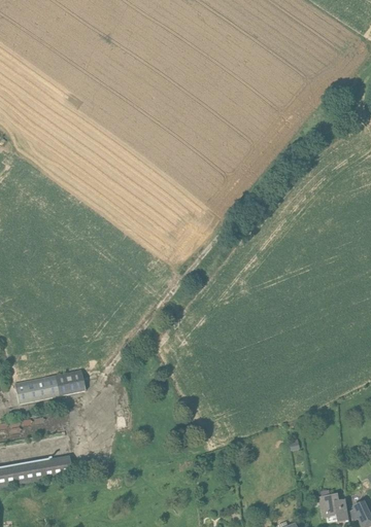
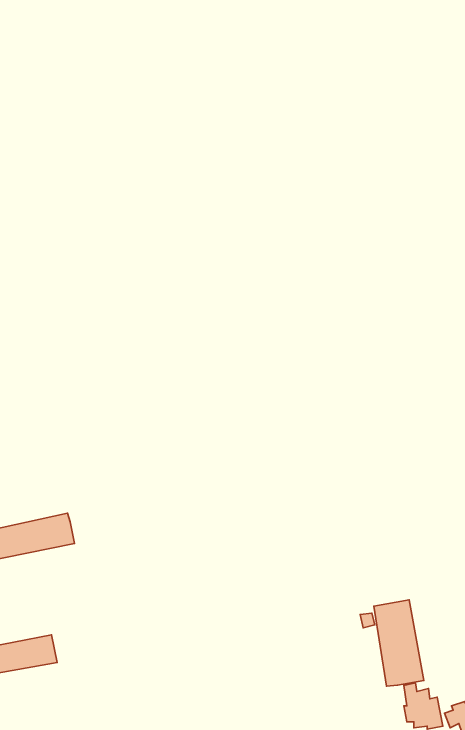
building: none -> [374,600,424,686]

